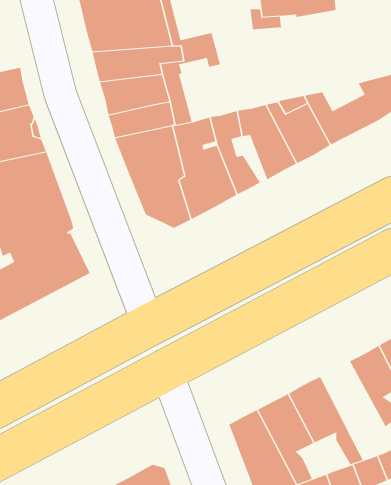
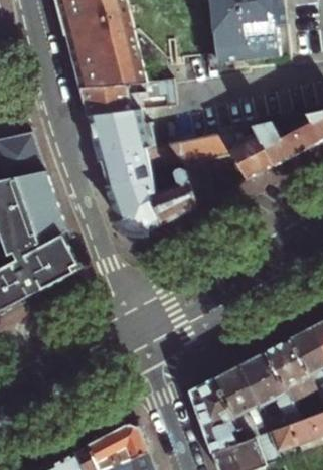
building: none -> [265,340,315,402]

